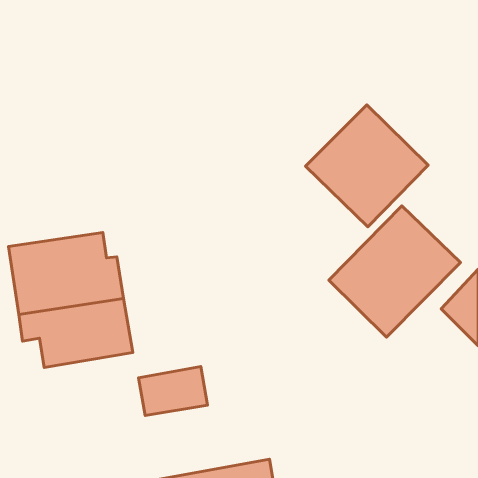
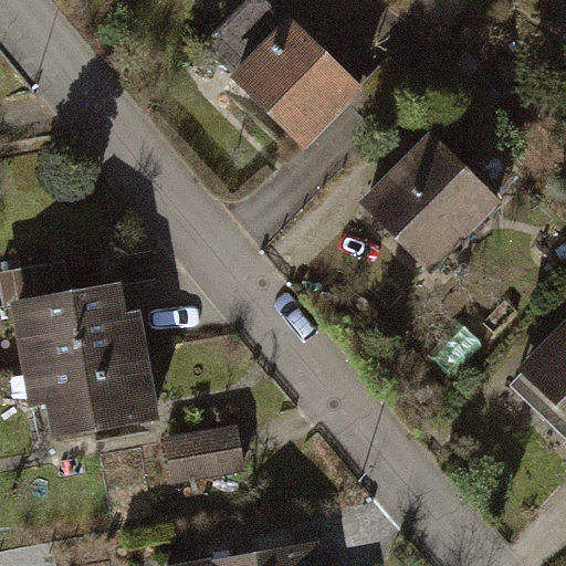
building: none -> [232,13,363,142]
building: [329,206,461,337] -> none

